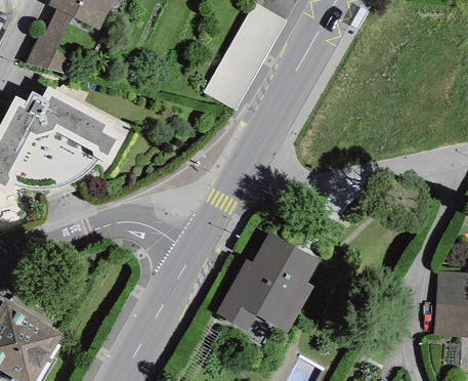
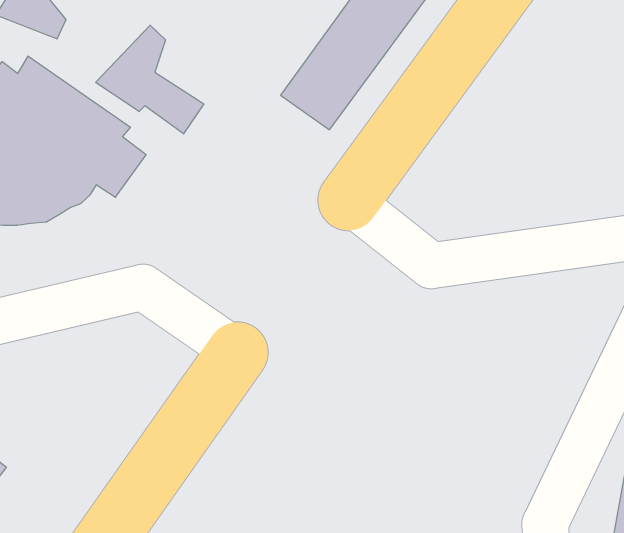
building: none -> [96,25,204,134]
building: [216,231,321,332] -> none

